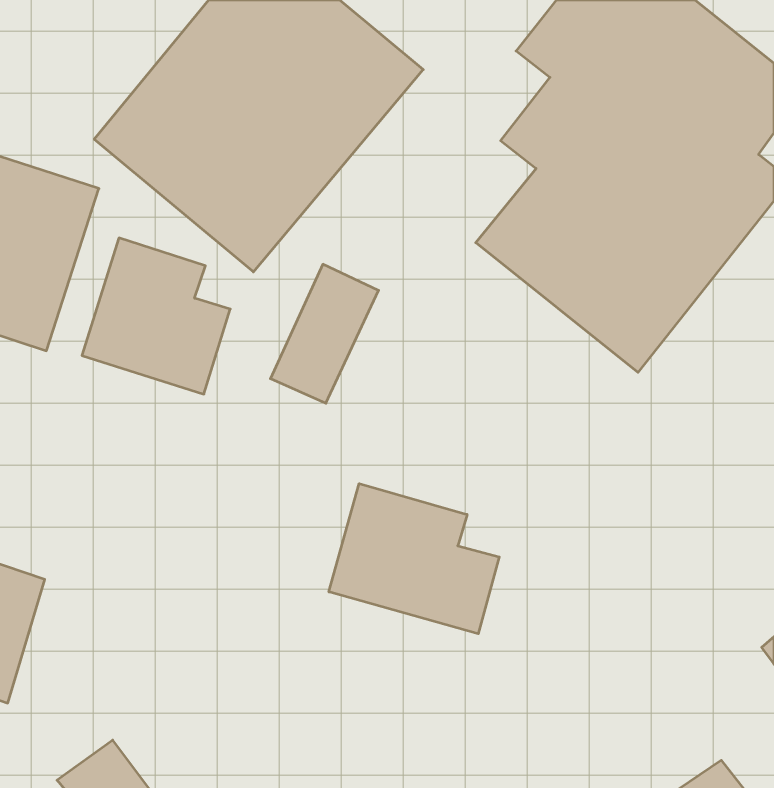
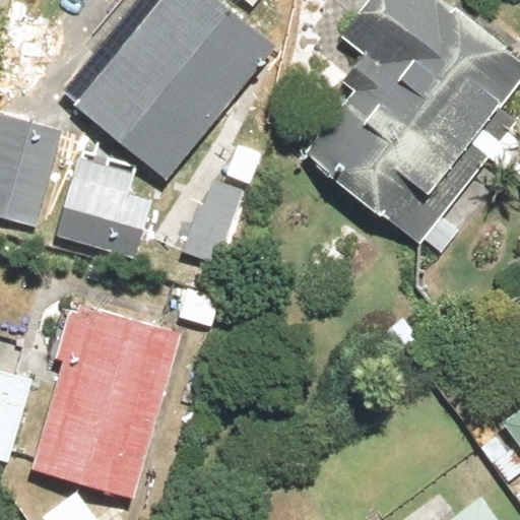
building: none -> [30,305,184,501]
building: [329,484,499,634] -> none

